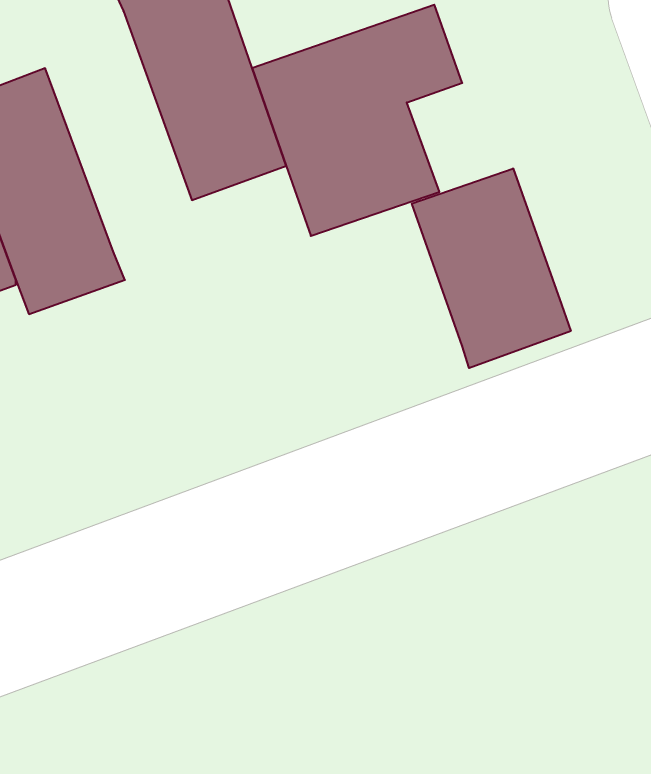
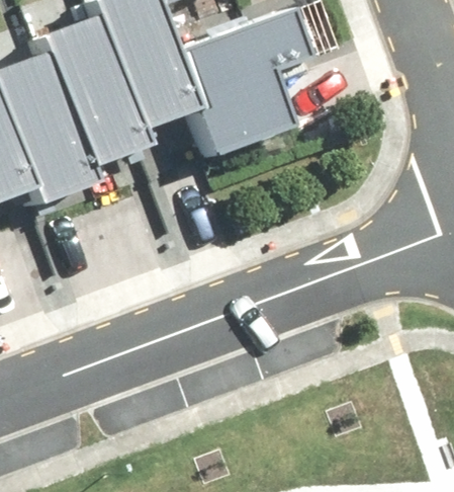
building: none -> [39,16,144,166]
building: [412,168,571,368] -> none

